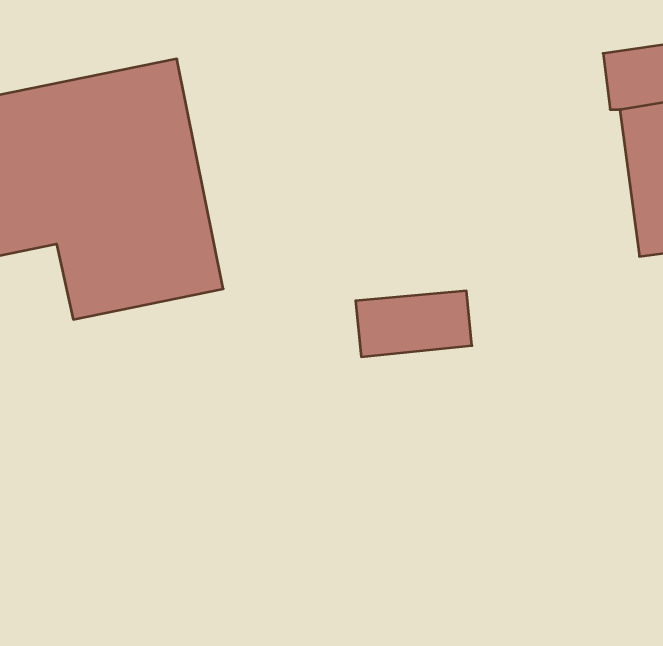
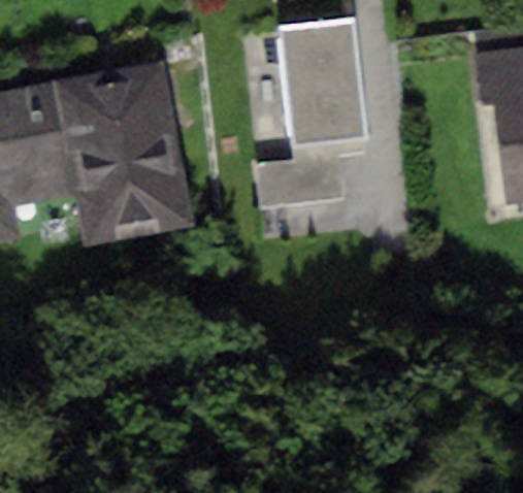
building: none -> [276,22,369,149]
building: [356,291,472,357] -> [257,159,342,207]

